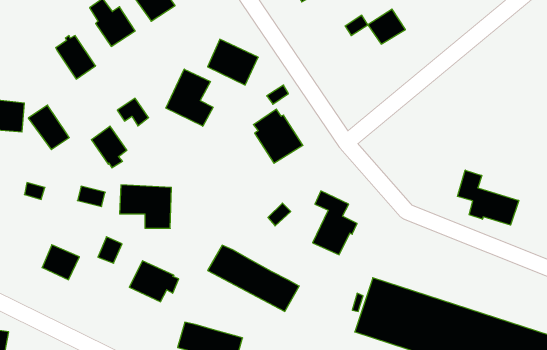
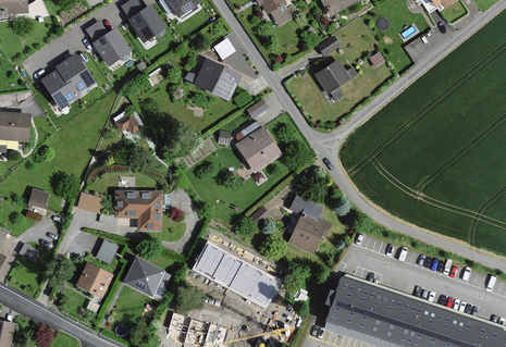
building: [368,9,405,44] -> [316,61,349,92]
building: [166,69,213,126] -> none
building: [28,105,69,150] -> [41,69,78,109]
building: [91,126,127,168] -> none
building: [457,170,519,225] -> none
building: [42,245,79,280] -> [77,267,111,298]

